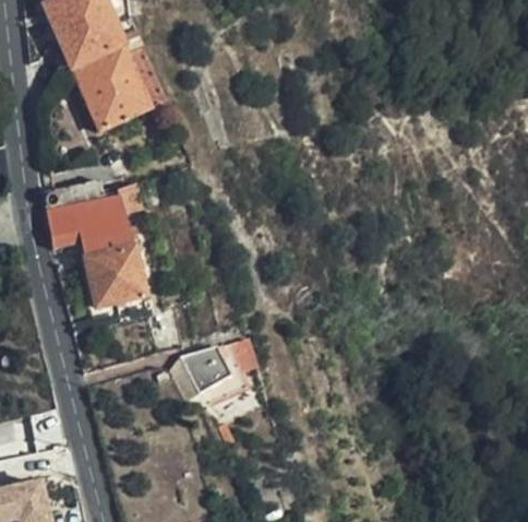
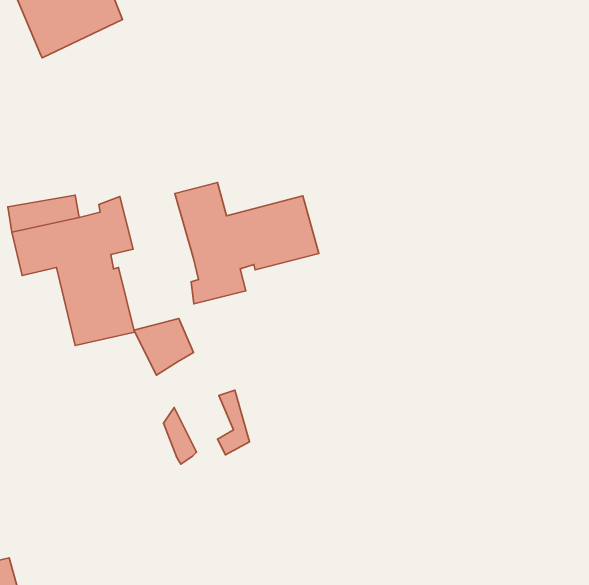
building: [69,36,165,132] -> none
building: none -> [175,183,319,304]
building: [178,347,227,394] -> [134,318,193,375]

